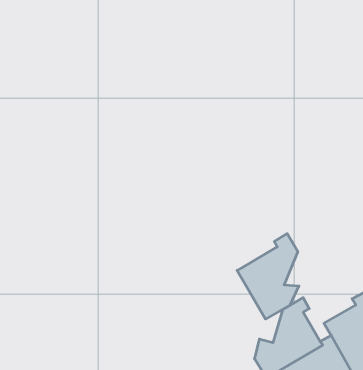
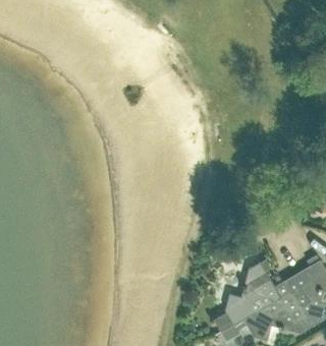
building: [237,234,299,319] -> none

